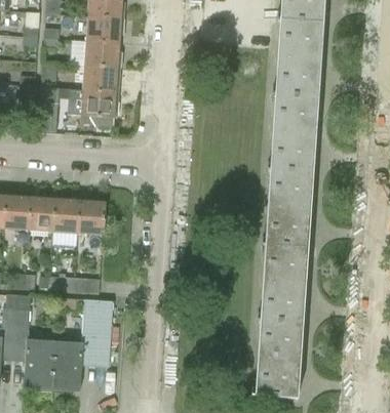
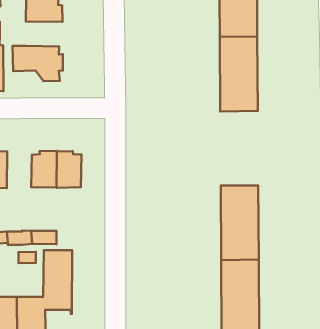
building: [81,66,120,93] -> none
building: [268,171,311,249] -> none
building: [51,196,79,234] -> [56,151,81,188]

